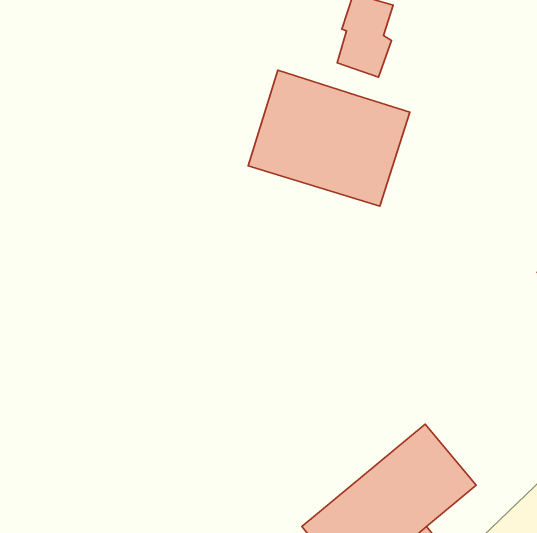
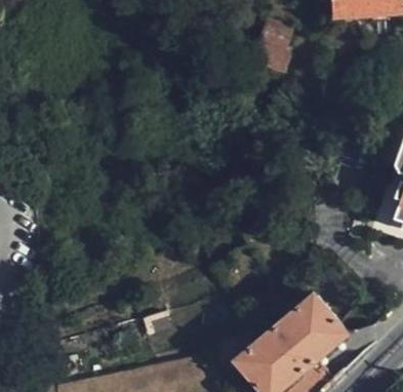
building: [248,70,410,206] -> none

